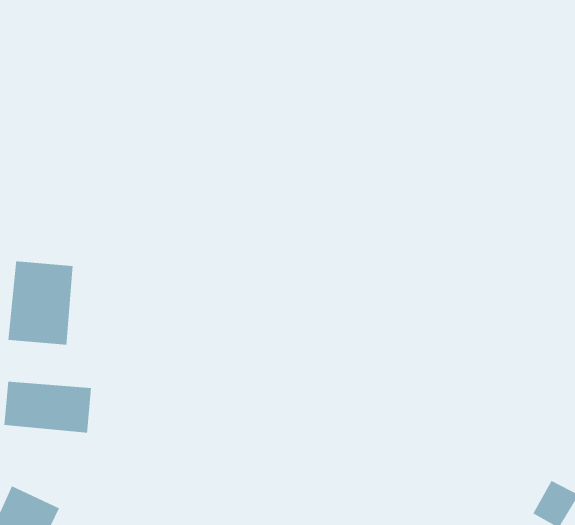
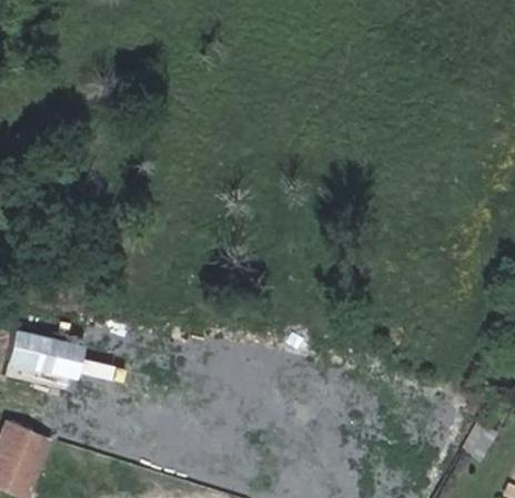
building: [8,260,73,346] -> none

